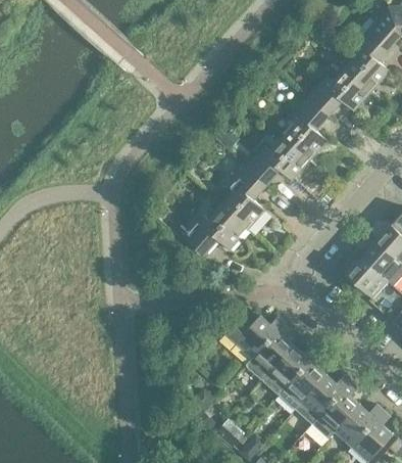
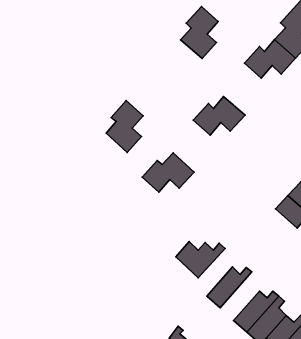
building: [284,97,330,160] -> [180,6,218,58]
building: [222,167,267,230] -> [106,101,143,153]
building: [246,323,295,381] -> none
building: [280,352,328,411] -> none

